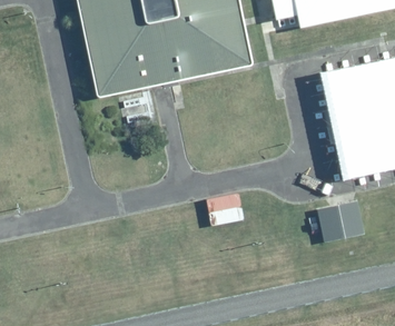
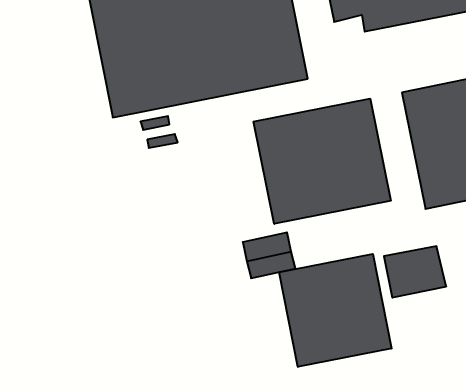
building: none -> [254,99,391,224]
building: none -> [279,254,392,367]

